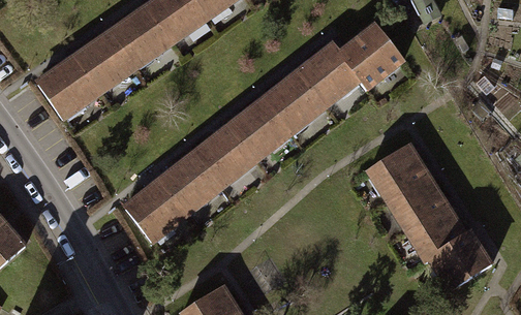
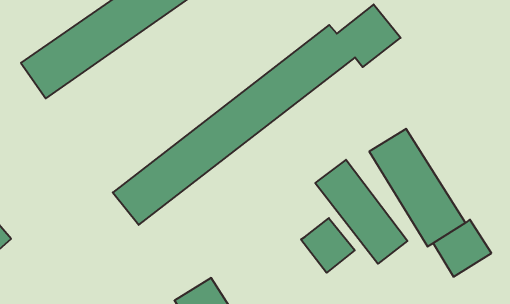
building: none -> [315,160,407,264]
building: none -> [301,218,355,273]

